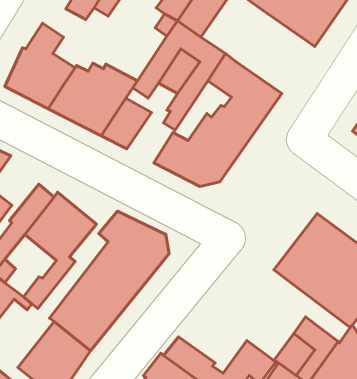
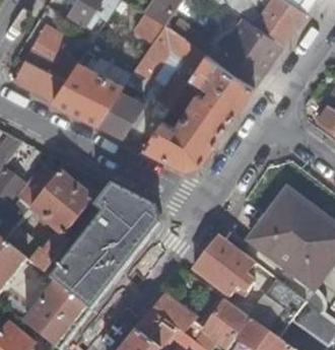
building: none -> [213,17,281,86]
building: none -> [191,235,253,297]

